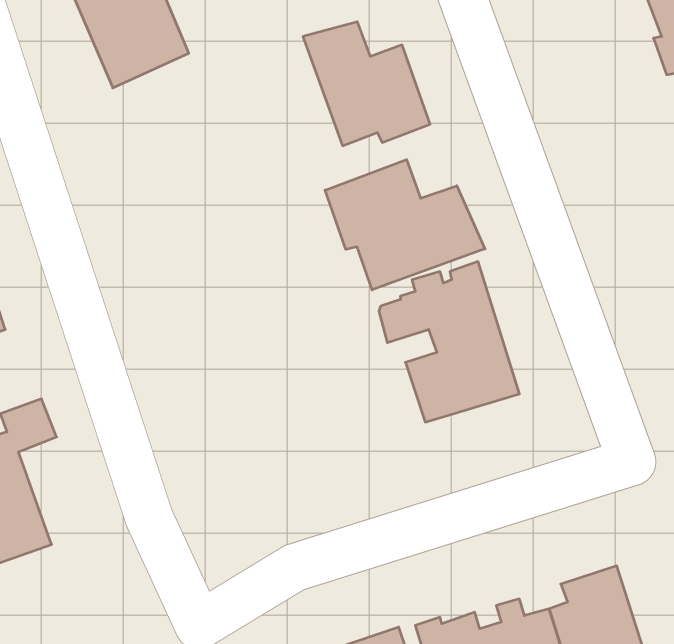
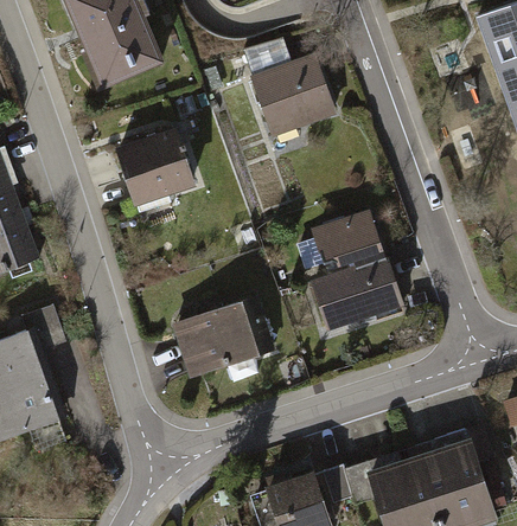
building: none -> [116,128,194,212]
building: [325,160,485,290] -> none
building: none -> [171,297,274,377]

